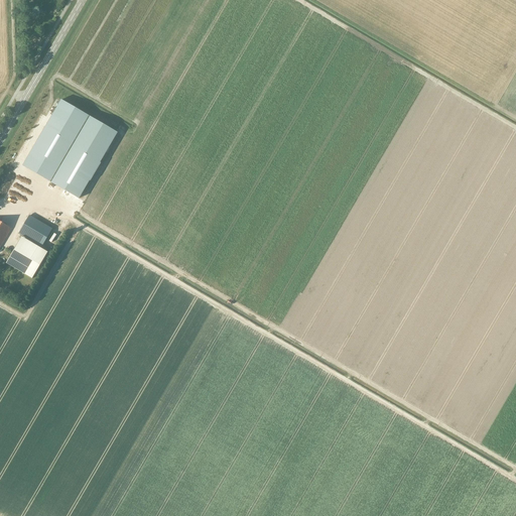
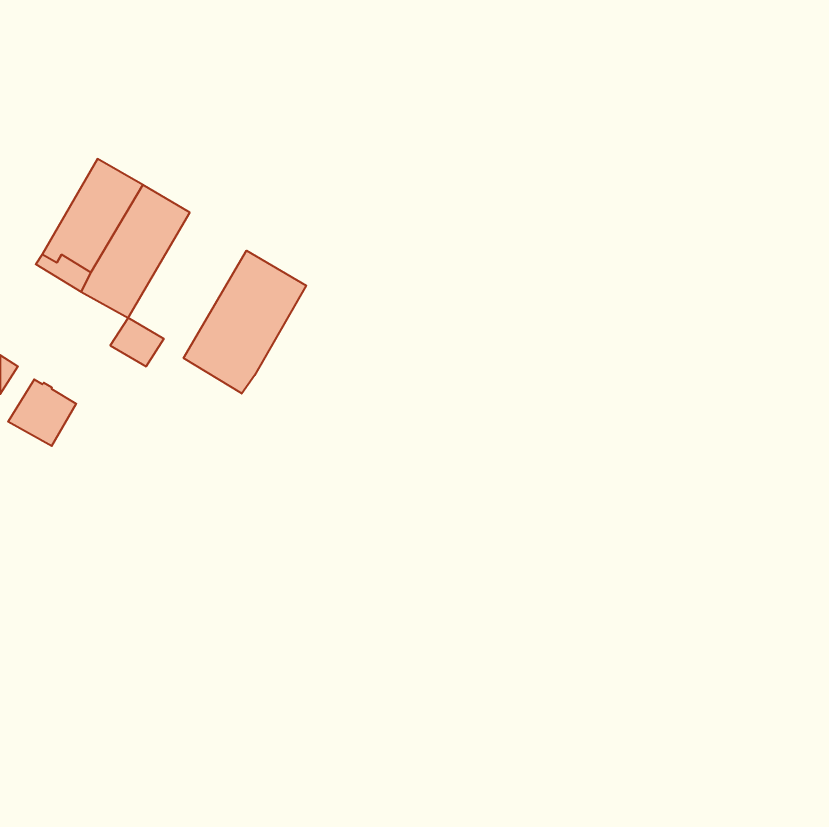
building: none -> [184,251,306,394]
building: [18,215,51,245] -> [110,318,164,366]

